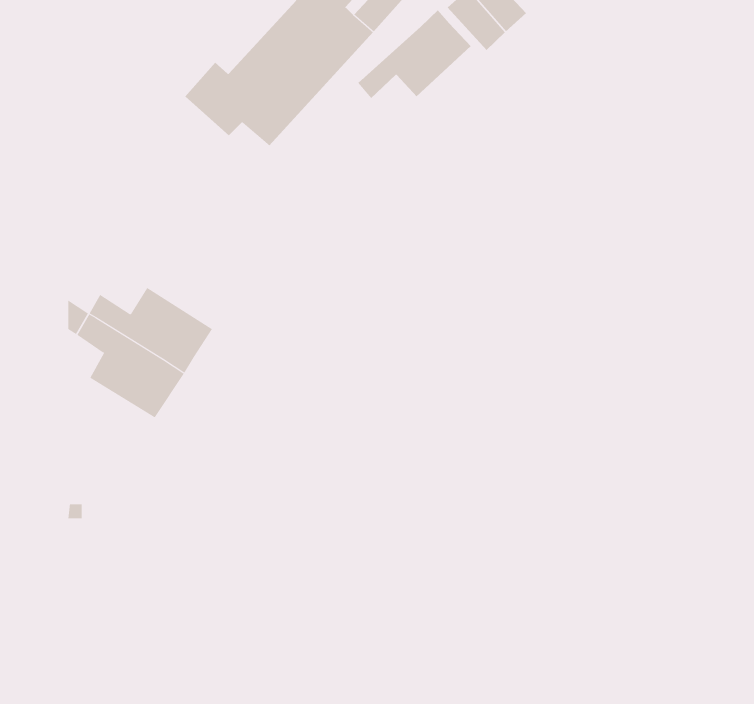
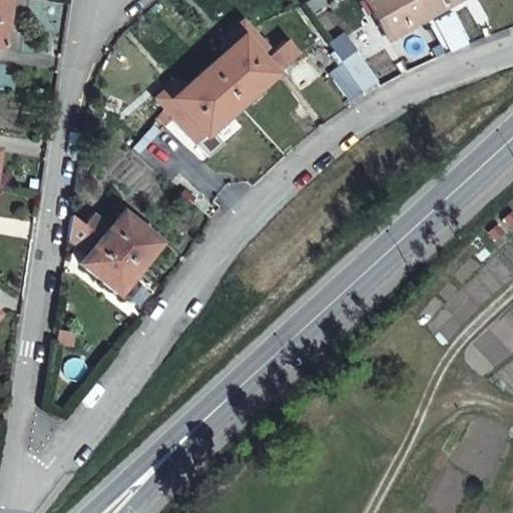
building: [358,10,471,99] -> none

